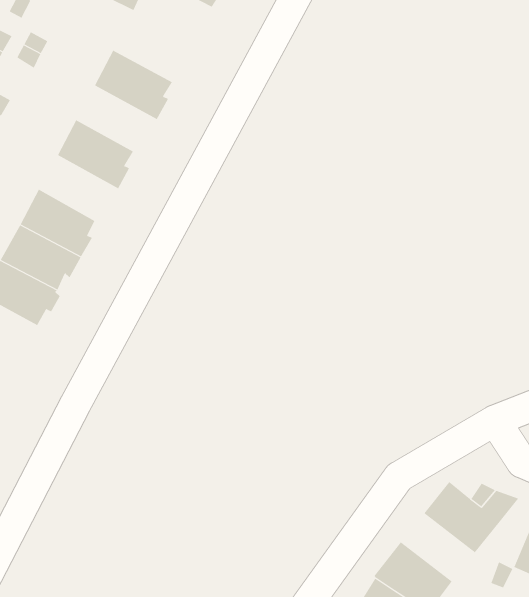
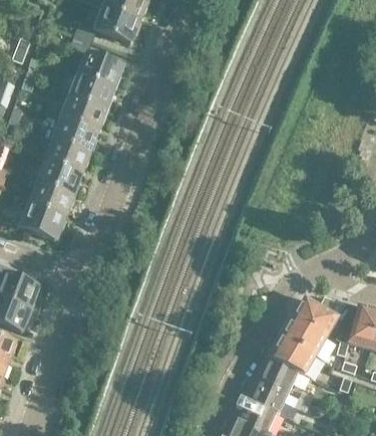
building: none -> [76,52,121,87]
building: none -> [60,95,107,131]
building: none -> [44,139,90,174]
building: none -> [281,317,325,355]

